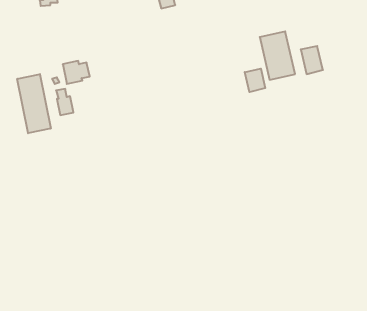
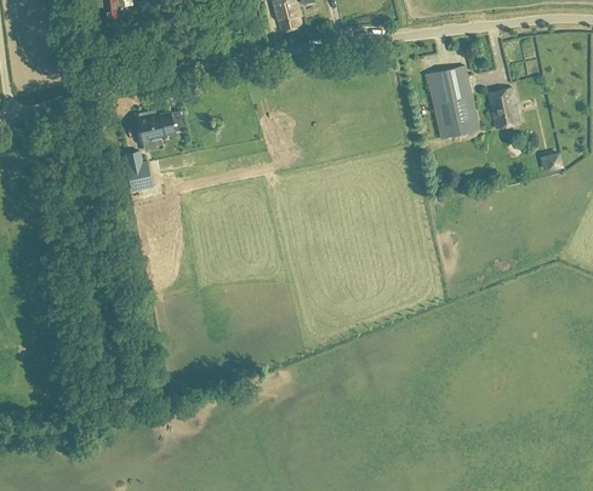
building: [245,69,265,92] -> none
building: [17,74,51,133] -> none

